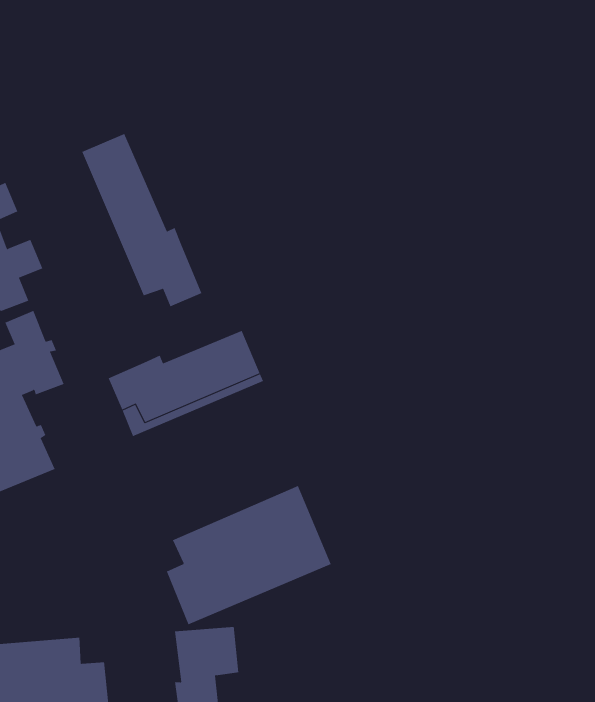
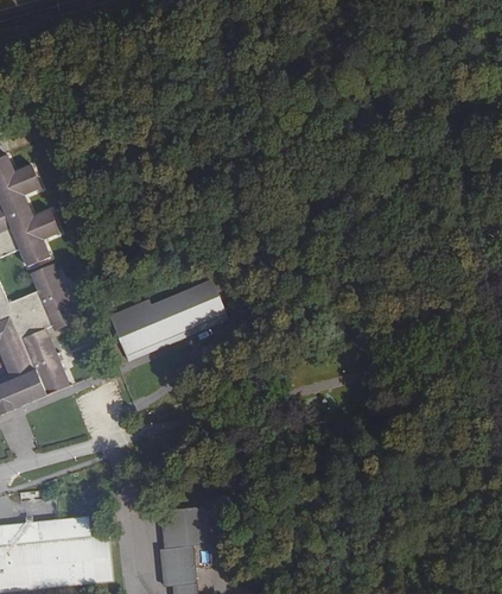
building: [82,133,202,307] -> none
building: [166,485,332,625] -> none

